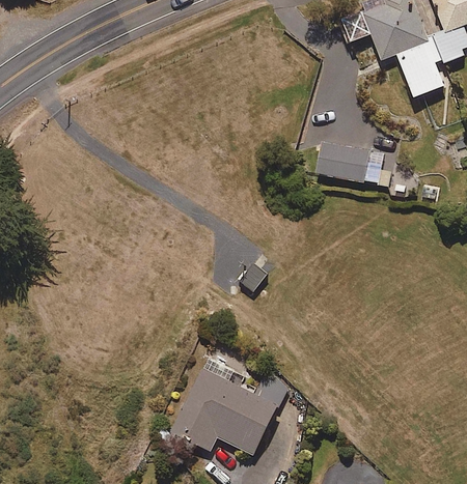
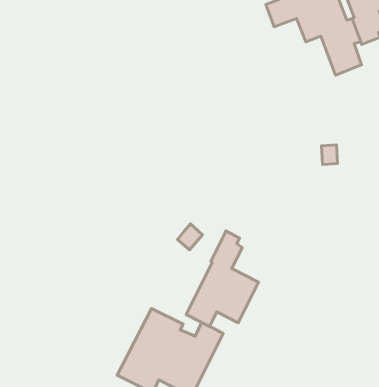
building: [314,141,391,186] -> none
building: none -> [186,231,259,326]

